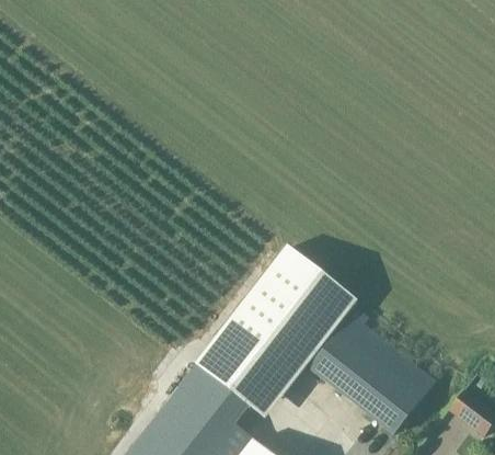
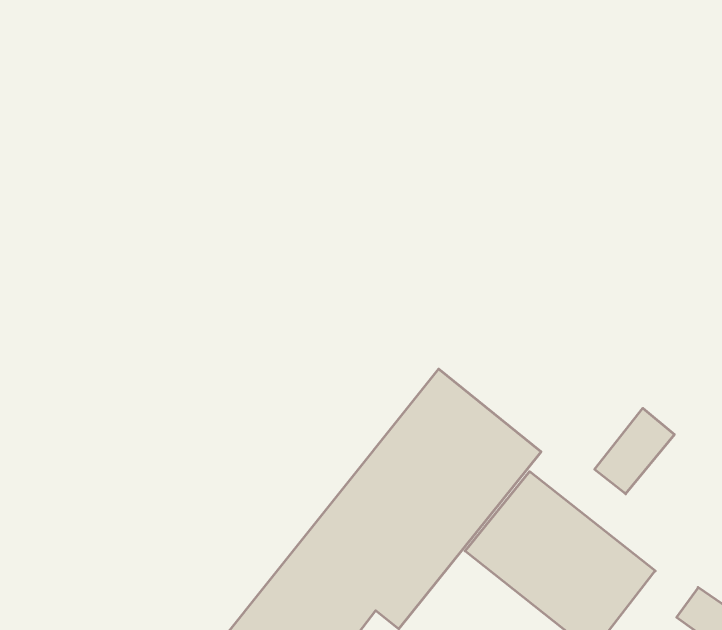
building: none -> [595,408,674,494]

